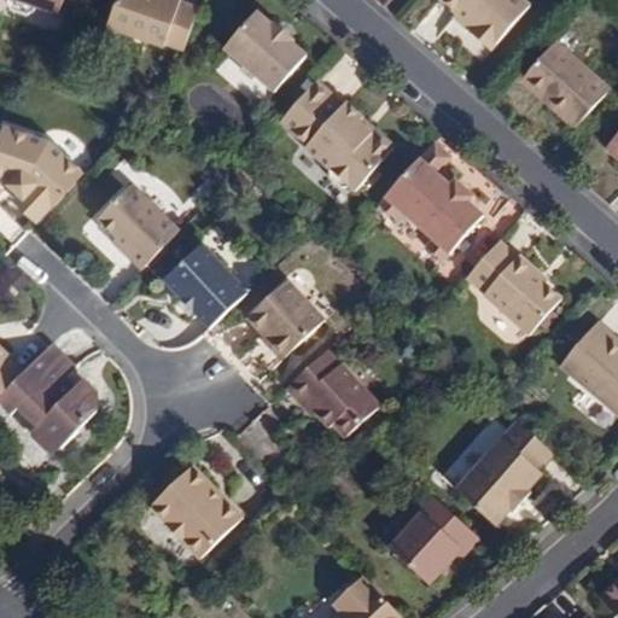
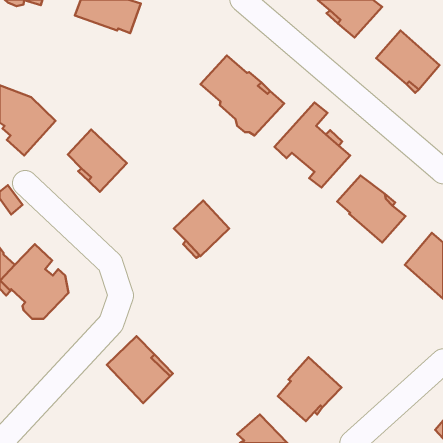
building: [225,7,305,87] -> none
building: [159,243,243,326] -> none
building: [280,350,374,435] -> none
building: [453,422,550,527] -> none

